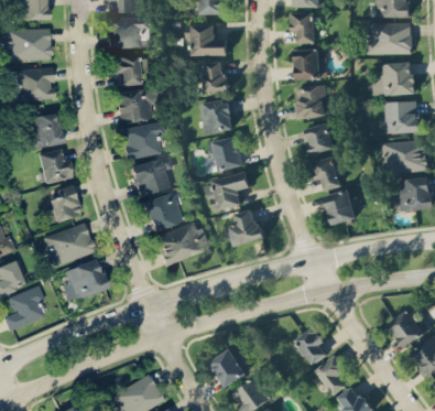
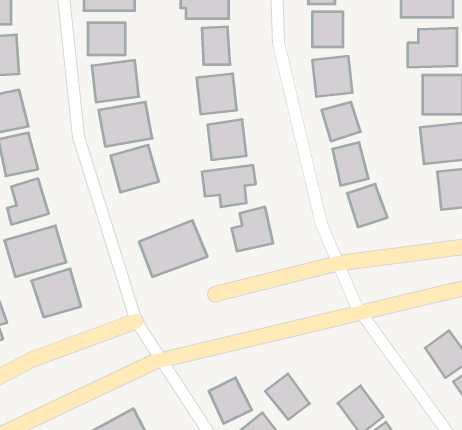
building: [141,192,183,232] -> none
building: [294,327,330,365] -> [265,374,310,420]

